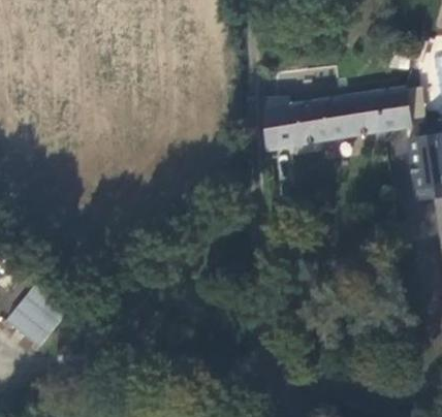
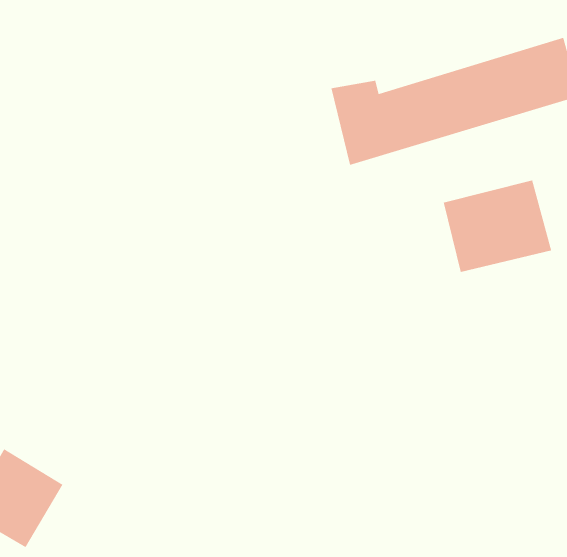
building: none -> [443,179,552,273]

